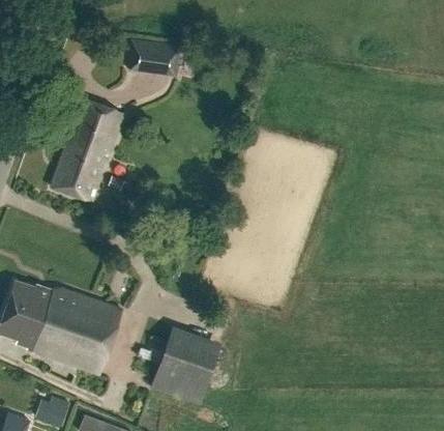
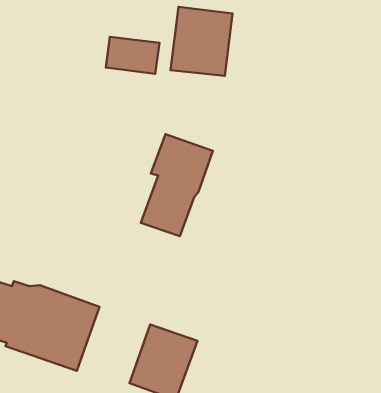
building: none -> [170,7,232,76]
building: [52,97,124,200] -> [141,134,213,236]

